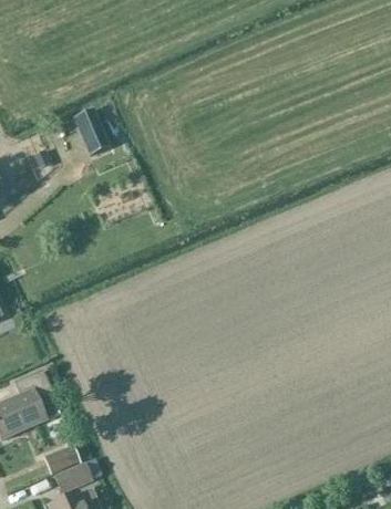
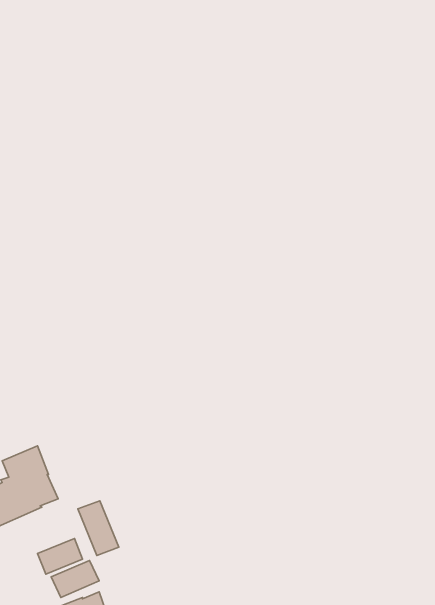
building: [74,106,111,153] -> none
building: none -> [78,501,119,555]

